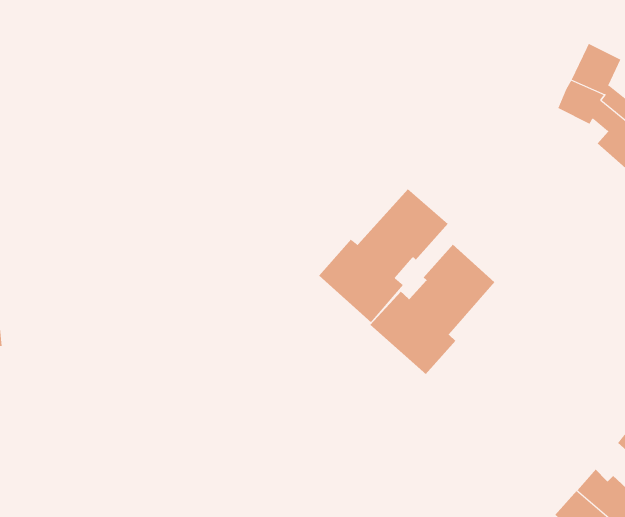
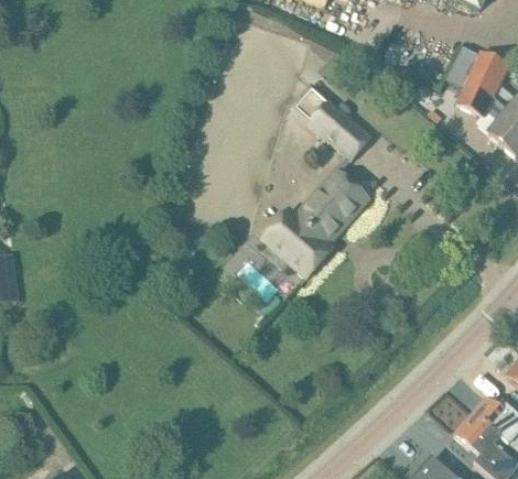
building: none -> [445,46,481,89]
building: none -> [291,86,369,161]
building: [369,244,495,375] -> none

